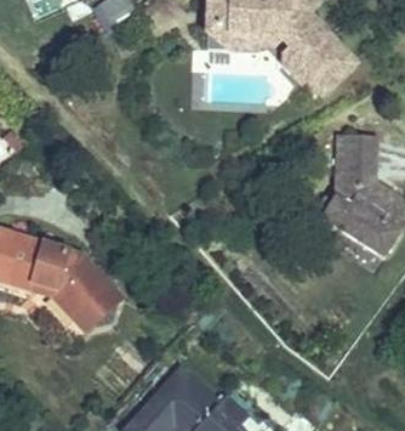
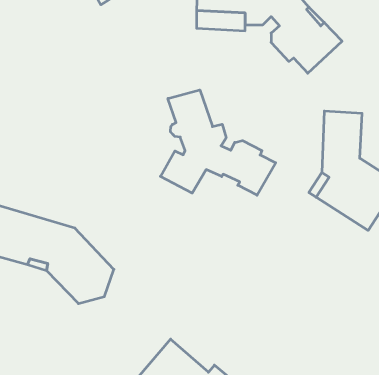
building: none -> [160,90,276,195]

